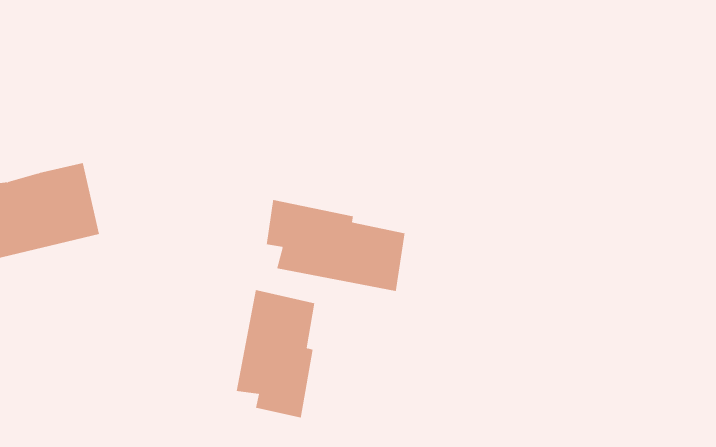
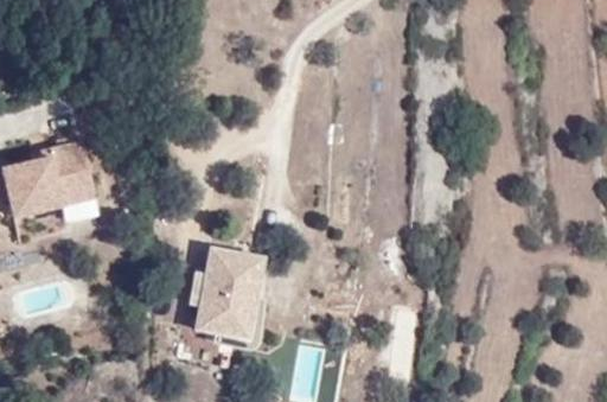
building: [266,199,405,292] -> none

